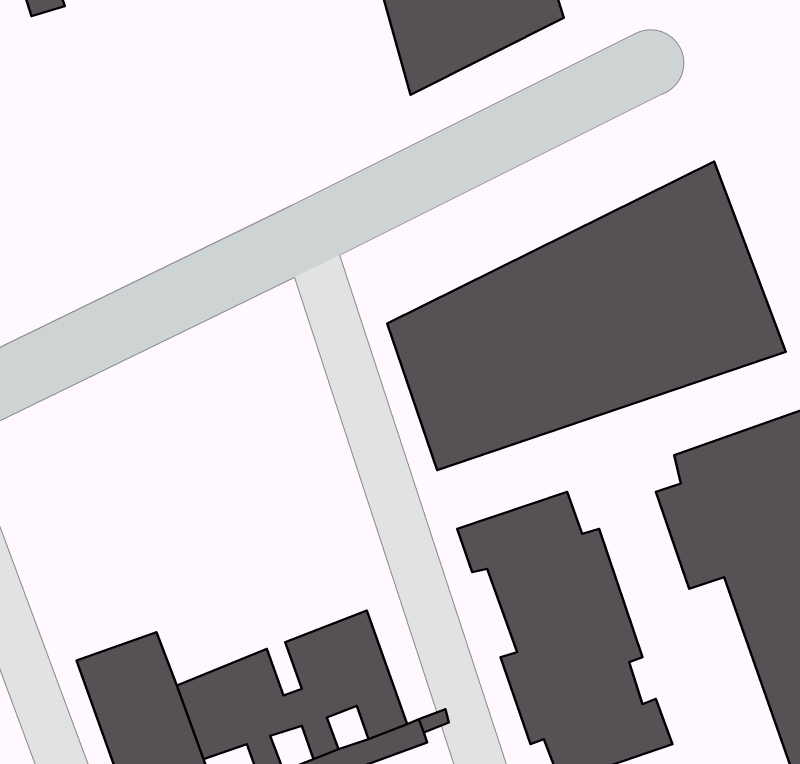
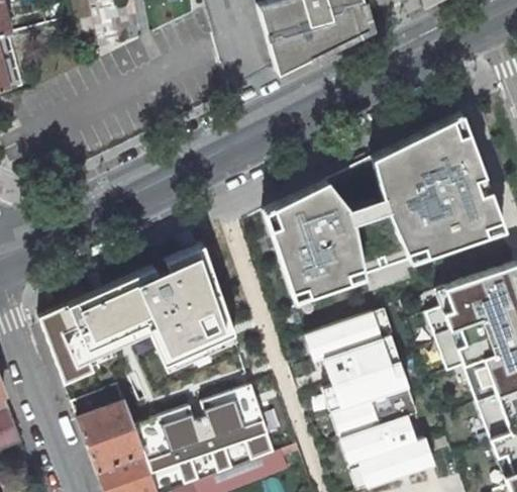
building: none -> [39,245,238,385]

